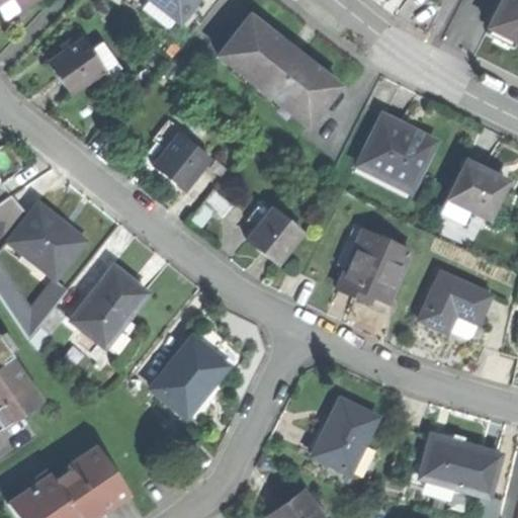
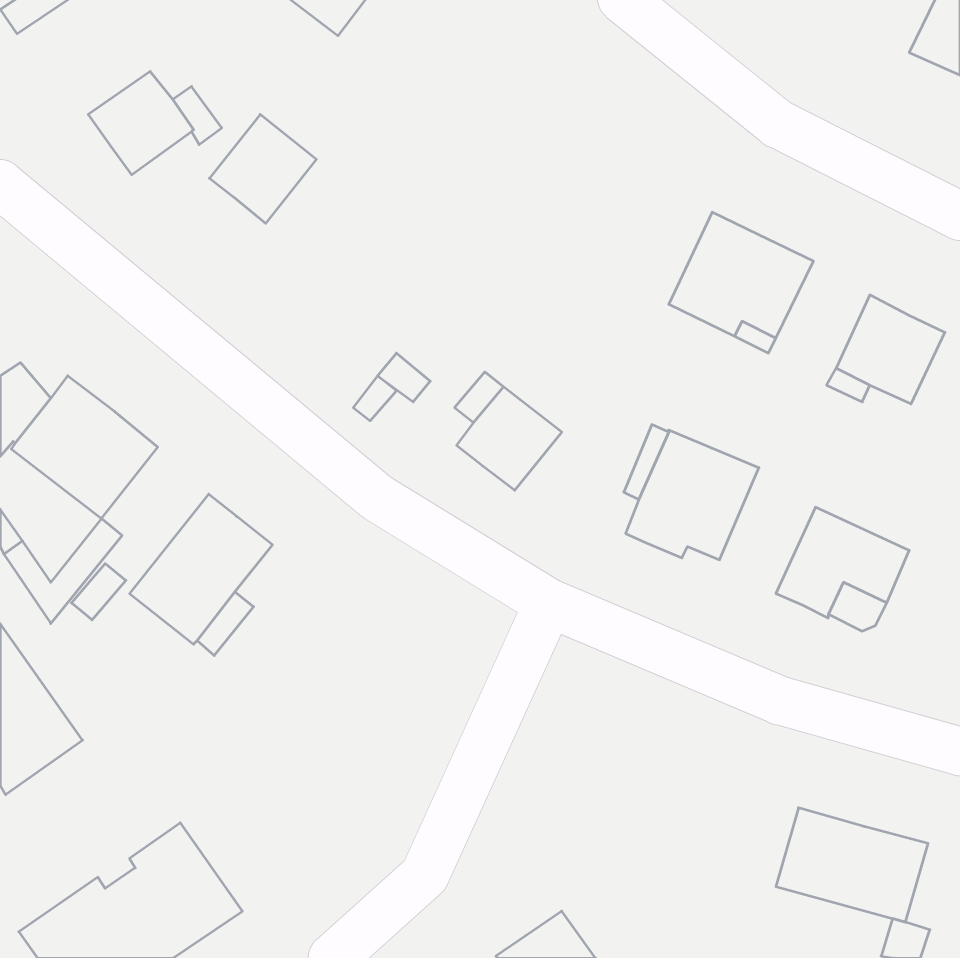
building: [220,13,341,124] -> none
building: [153,132,210,190] -> [209,114,316,223]
building: [154,338,228,414] -> none
building: [312,400,375,472] -> none

